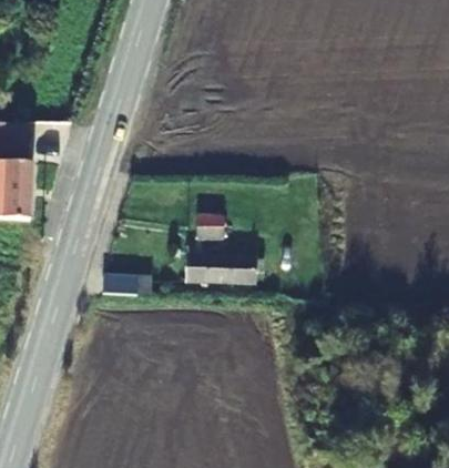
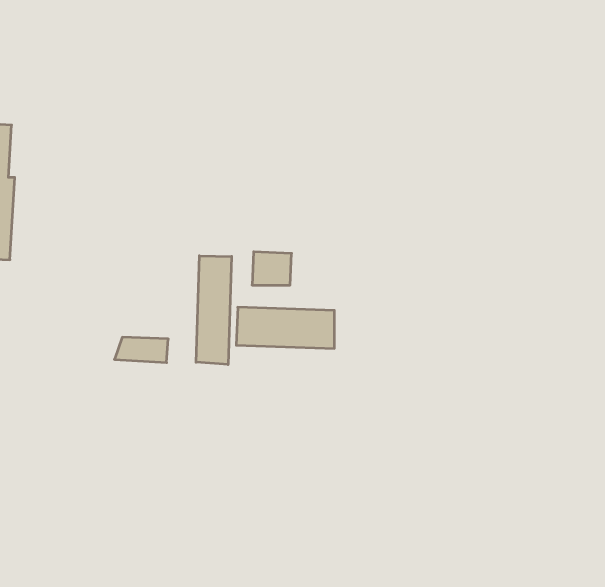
building: none -> [196,256,232,365]

